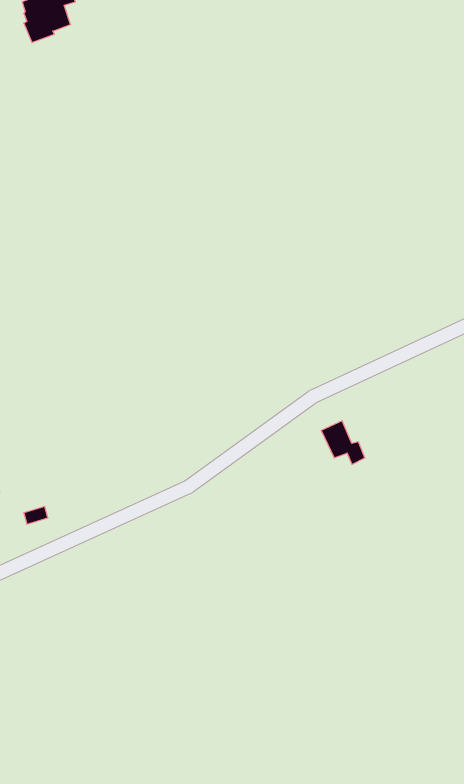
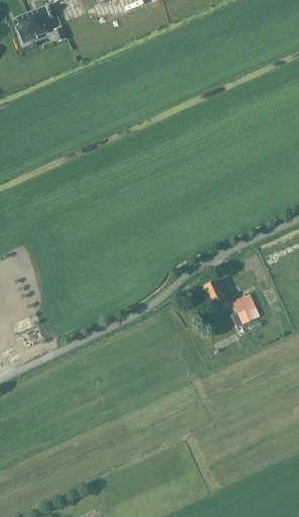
building: none -> [232,294,260,324]

